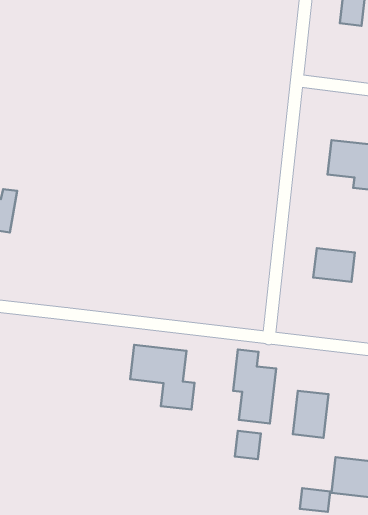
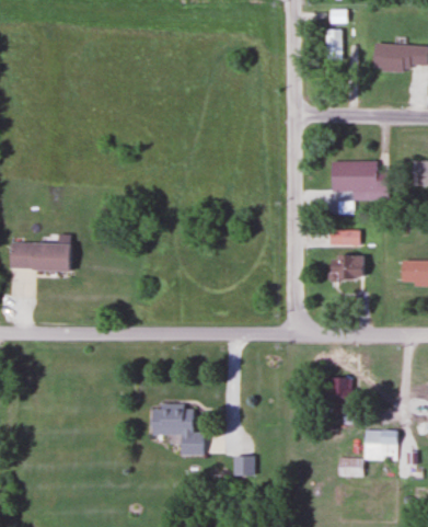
building: none -> [328,229,361,244]
building: [130,345,194,410] -> [150,405,205,455]
building: [233,349,276,423] -> none
building: [235,431,261,459] -> [234,455,254,477]

